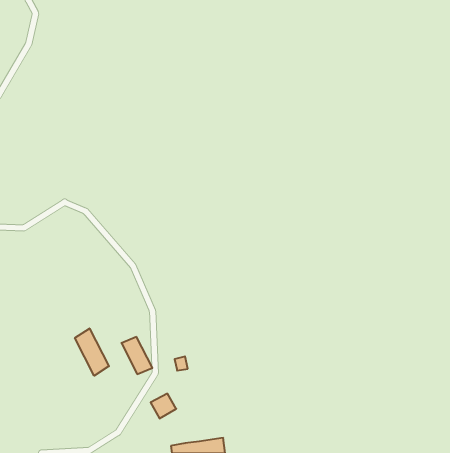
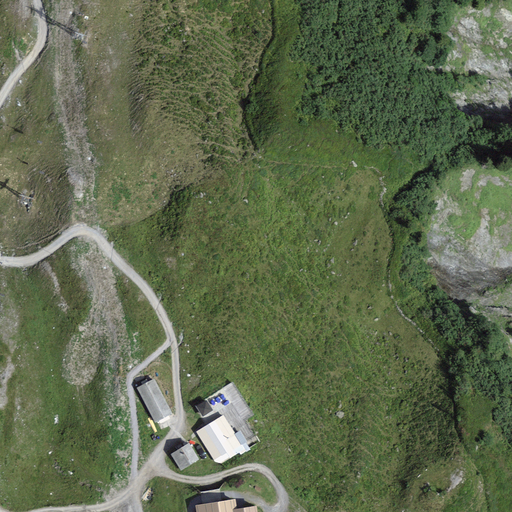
building: [75,328,109,376] -> none
building: none -> [194,417,240,459]

